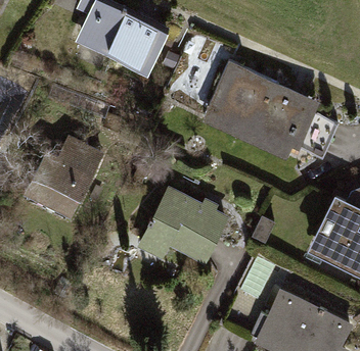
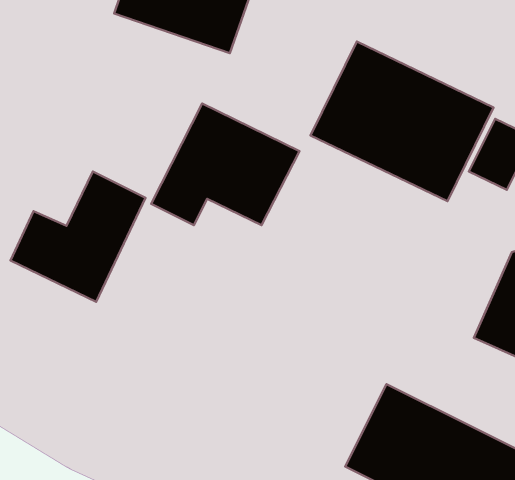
building: [137,186,229,261] -> [151,103,299,225]

